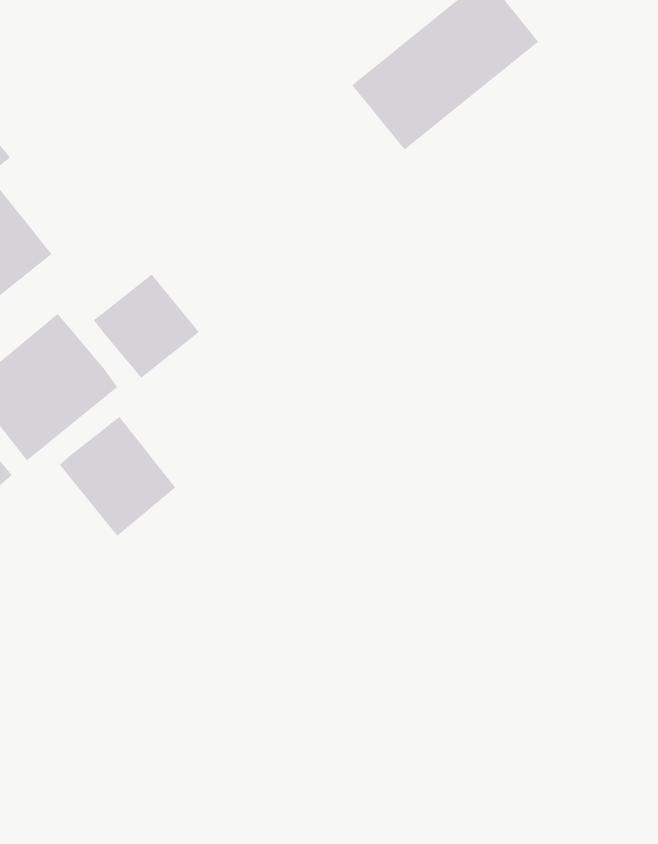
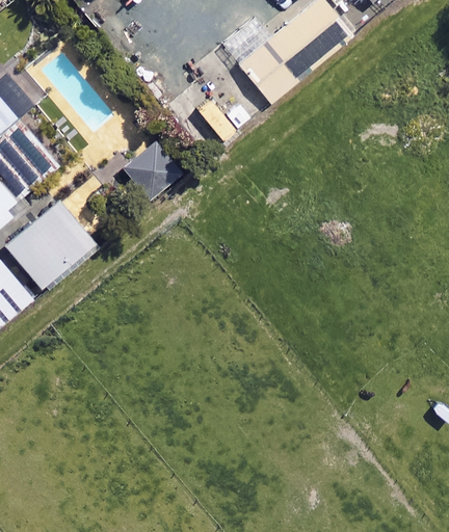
building: [93,273,200,379] -> [121,140,185,204]
building: [59,416,176,537] -> none

